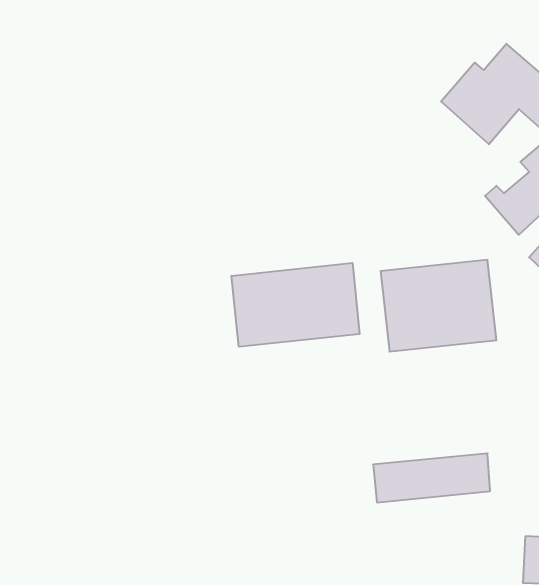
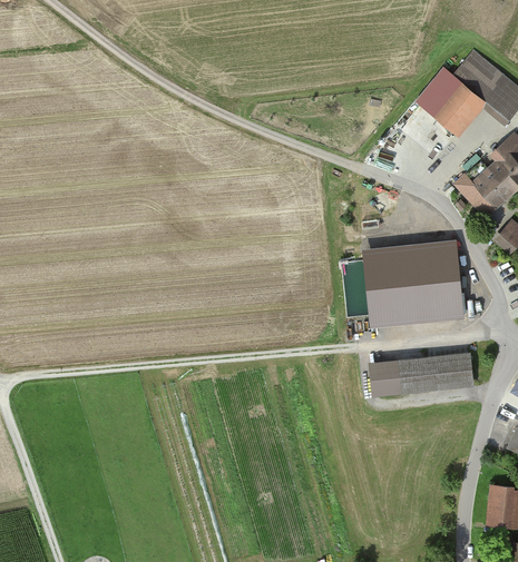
building: [232,263,360,347] -> none
building: [373,453,490,502] -> [365,351,469,394]

